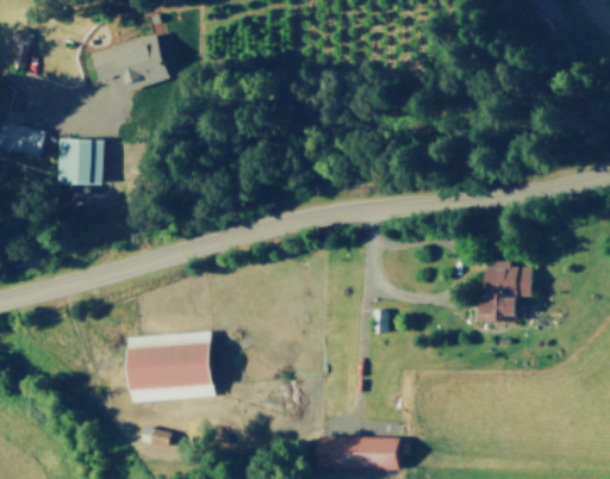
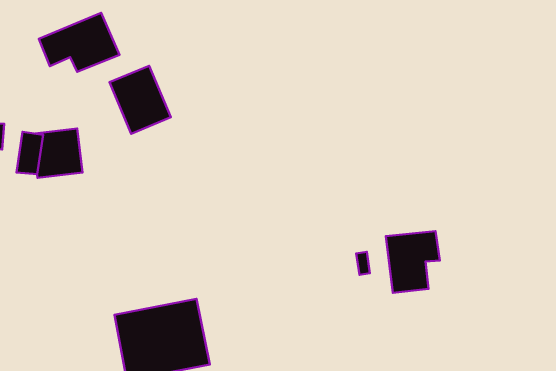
building: none -> [110,66,171,134]
building: [480,263,531,322] -> [386,231,440,293]

